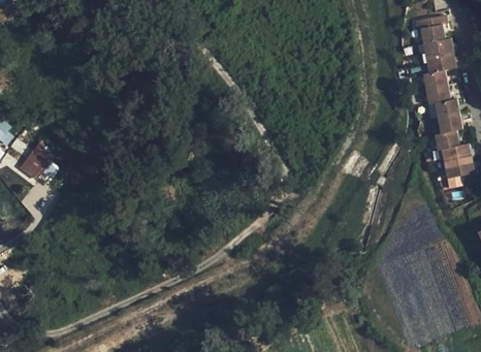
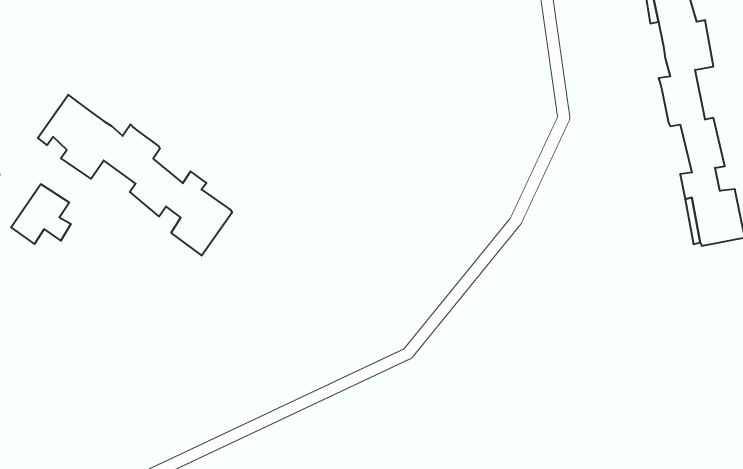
building: none -> [38,95,232,256]

